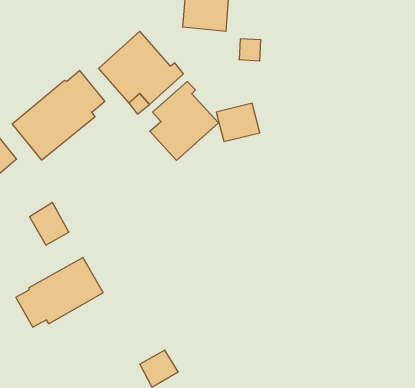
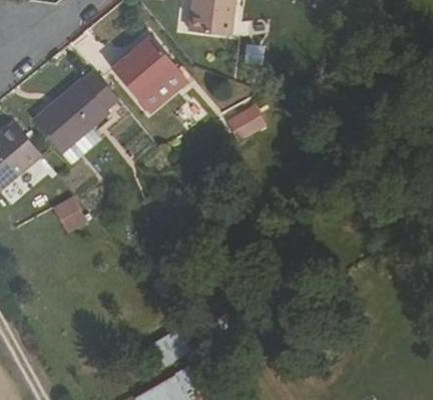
building: [150,82,218,160] -> none
building: [16,257,103,327] -> none

